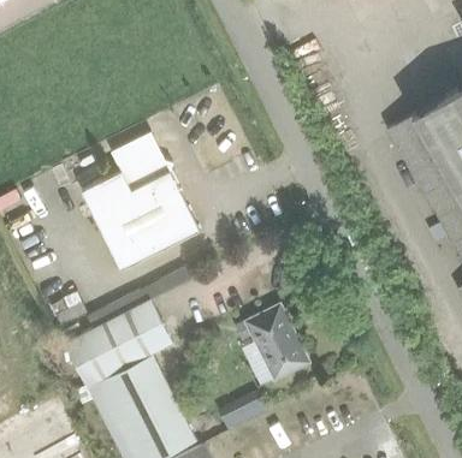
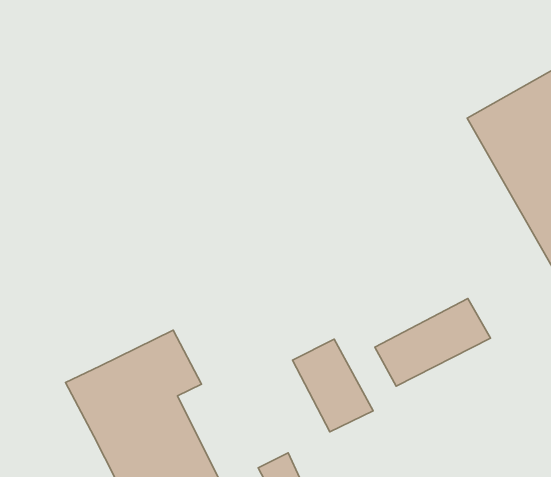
building: [82,132,201,270] -> none
building: none -> [375,299,490,386]

